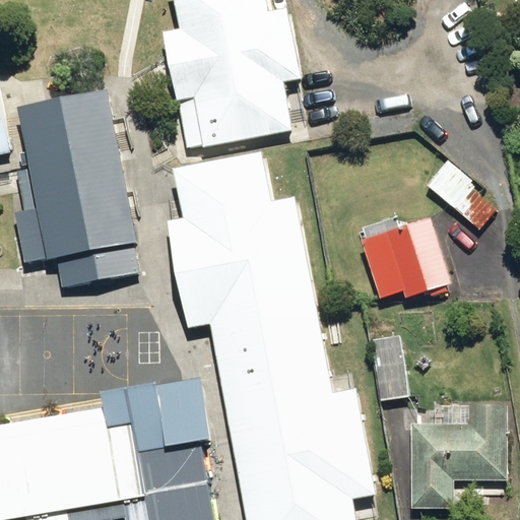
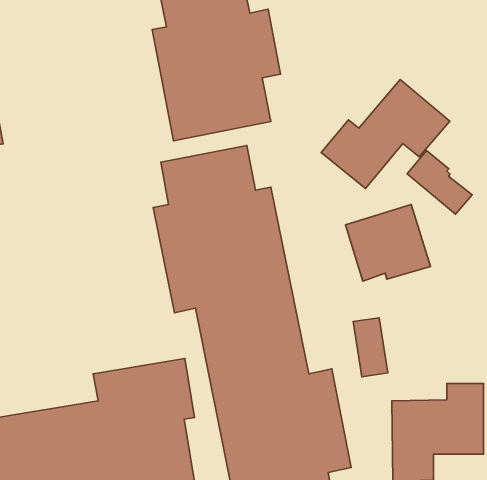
building: none -> [321,79,450,189]
building: [10,90,136,287] -> none

